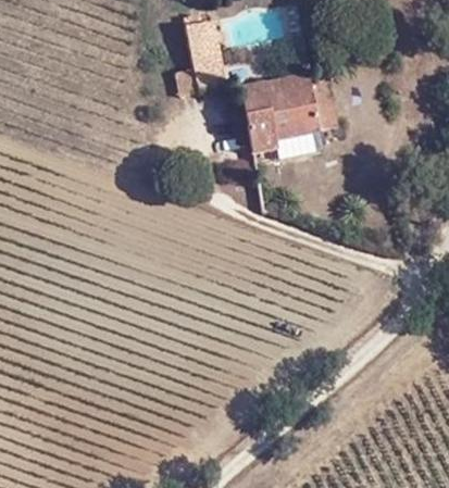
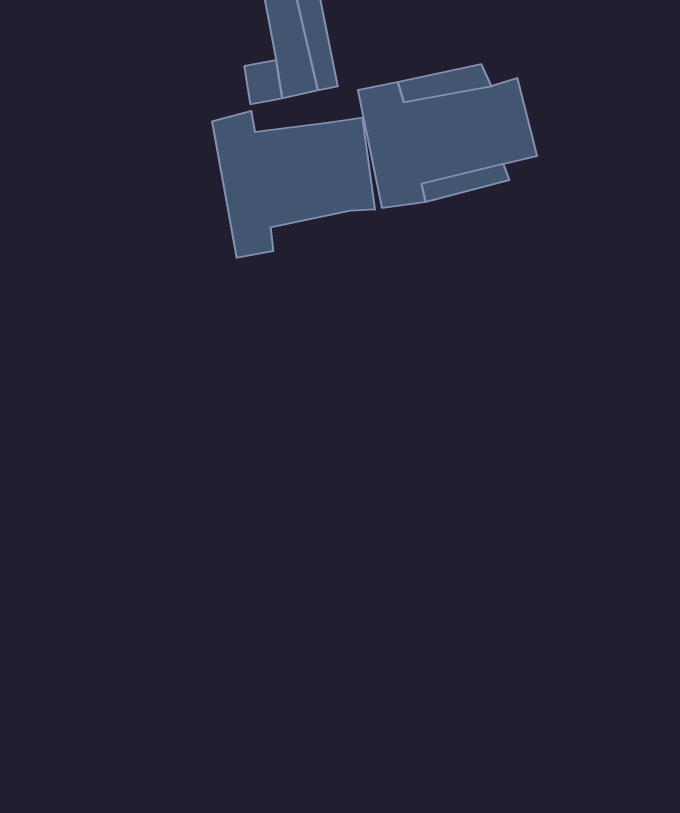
building: none -> [212,111,375,258]

